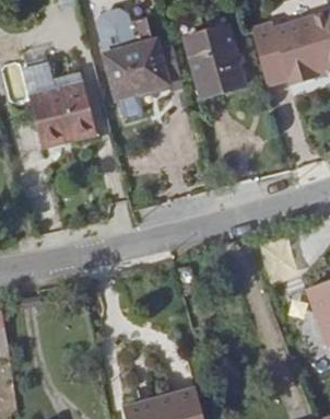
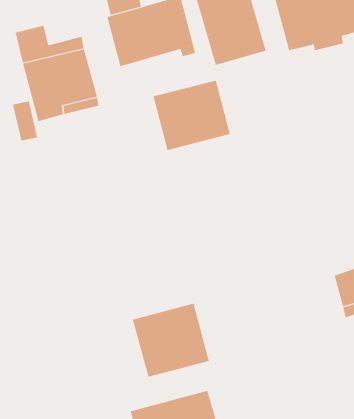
building: none -> [153,80,230,151]
building: none -> [132,303,209,378]

